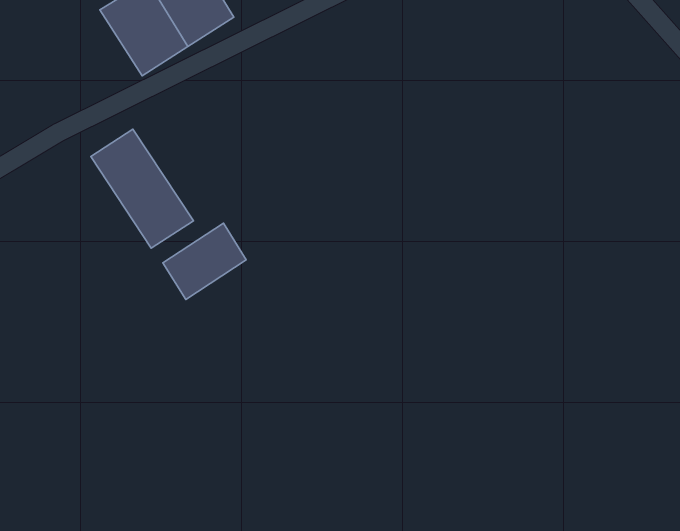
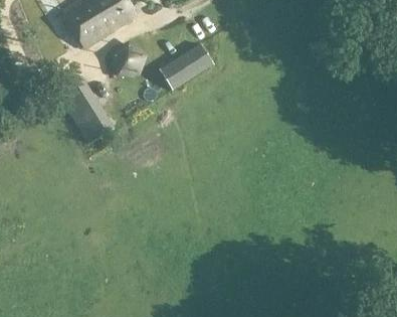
building: none -> [161,42,216,91]
building: [163,223,246,300] -> none

